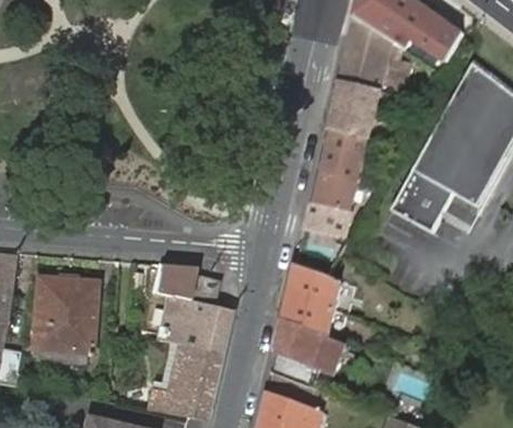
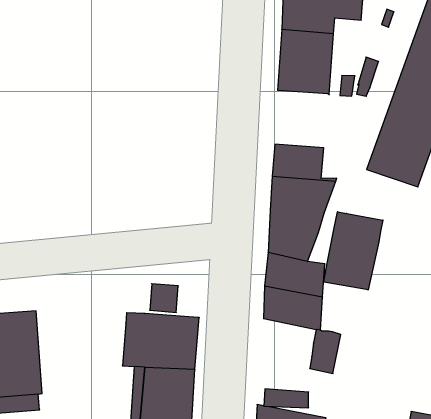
building: [317,130,369,185] -> none
building: none -> [324,212,383,290]
building: [152,264,193,299] -> none
building: [275,320,326,368] -> none

